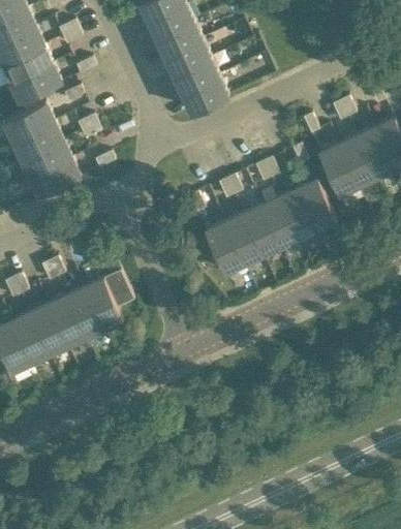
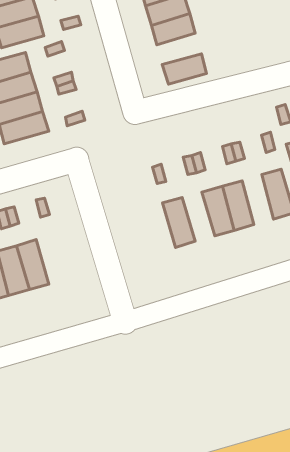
building: [174,57,219,93] -> none
building: [279,187,316,238] -> none
building: [222,214,260,263] -> none
building: [84,270,132,329] -> none

